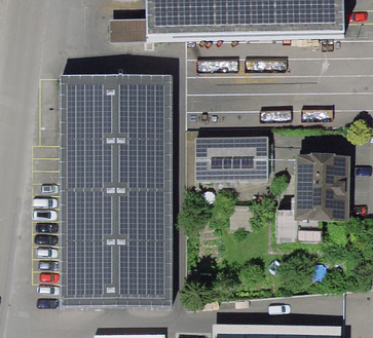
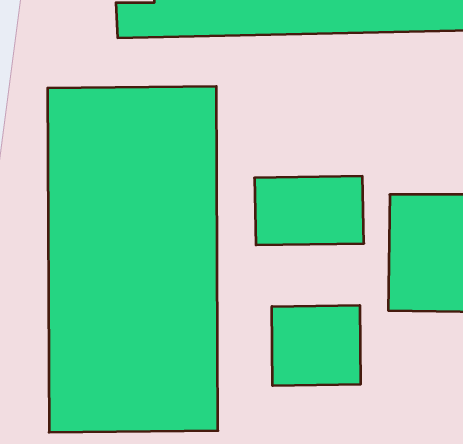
building: none -> [272,305,360,386]

